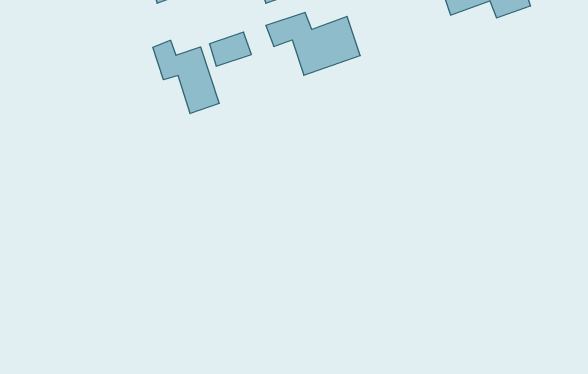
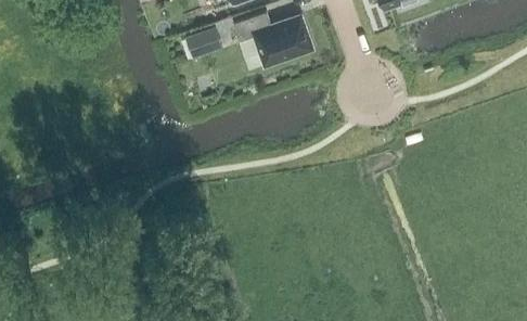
building: [153,40,219,114] -> none

